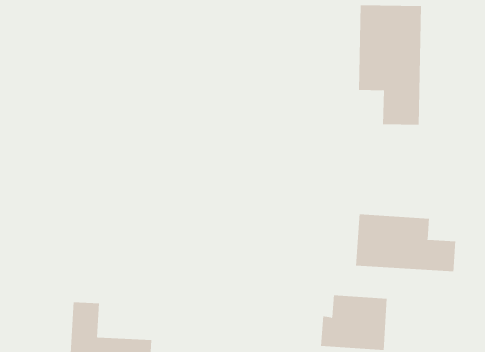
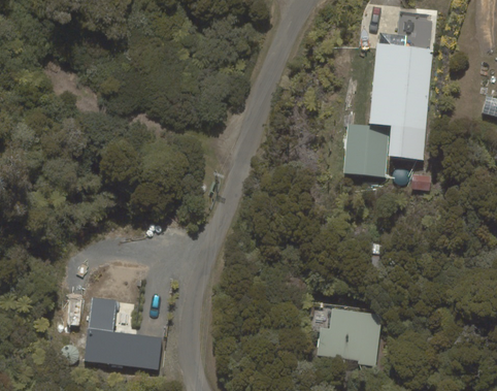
building: none -> [343,123,389,175]
building: [356,214,456,272] -> none

